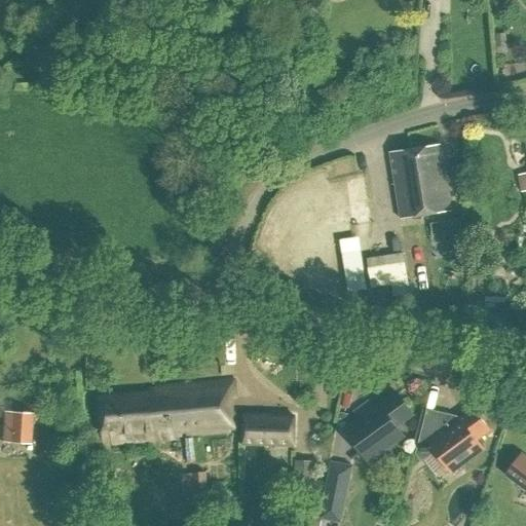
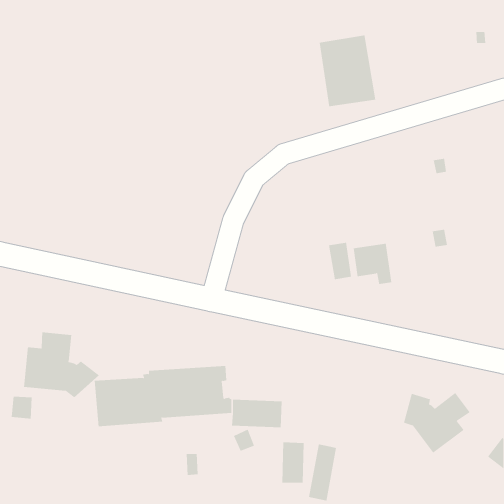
building: [390,143,450,218] -> [319,35,376,107]
building: none -> [24,332,100,398]
building: [344,392,411,461] -> none

